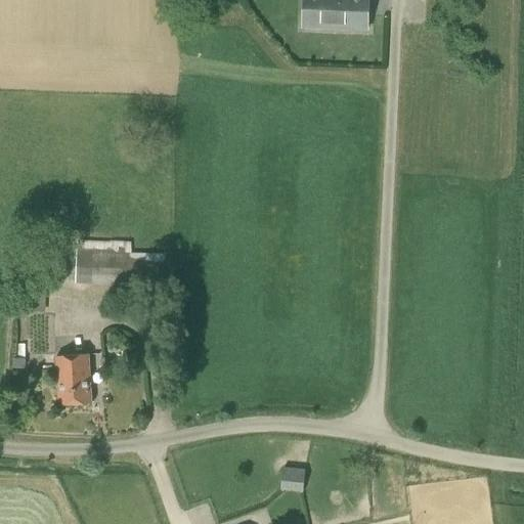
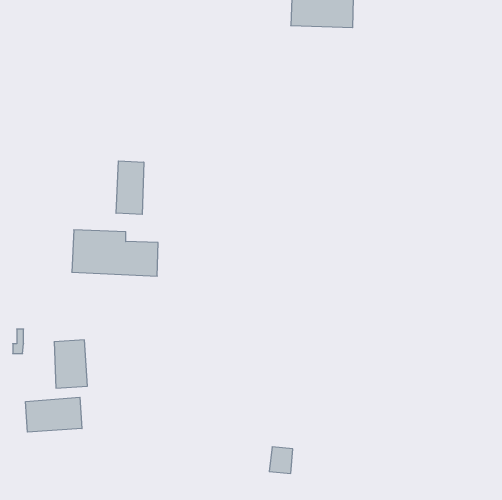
building: none -> [116,161,144,214]
building: none -> [26,397,82,432]

